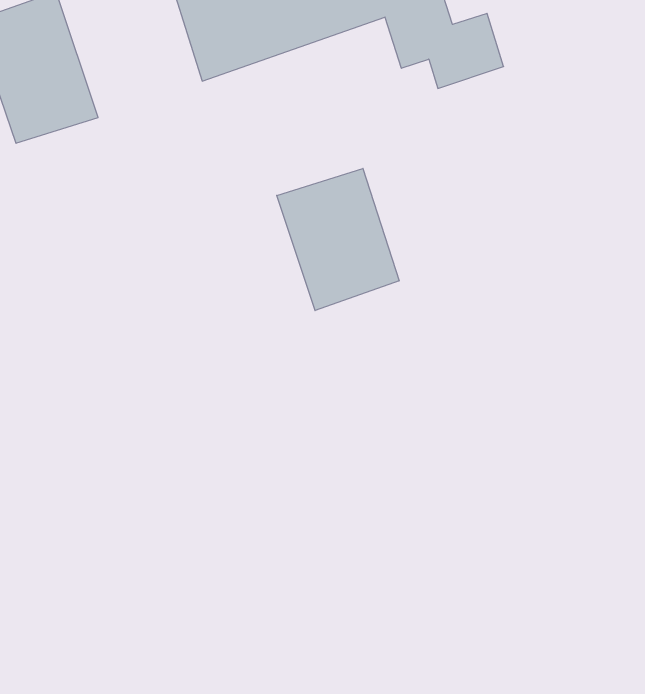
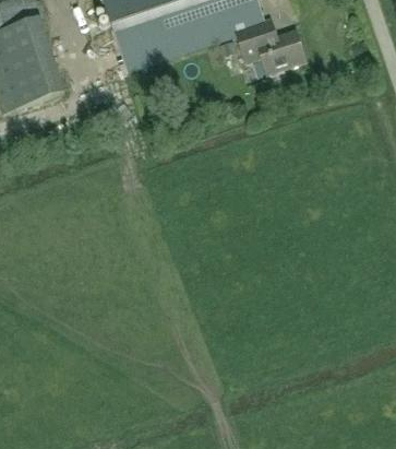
building: [277,168,399,311] -> none

